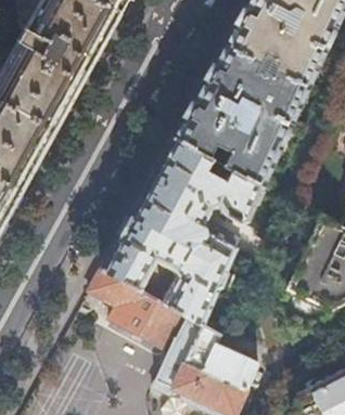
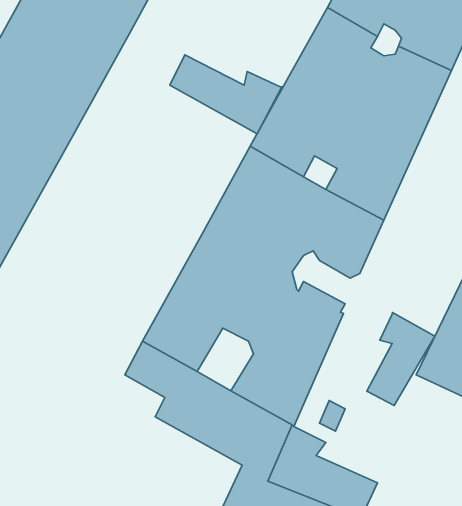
building: none -> [170,55,282,134]
building: none -> [367,312,435,405]

